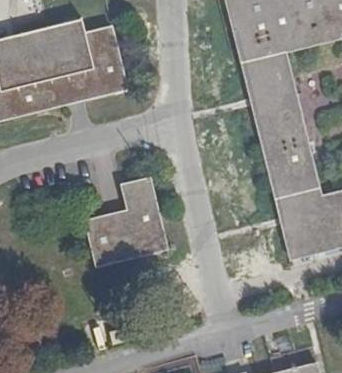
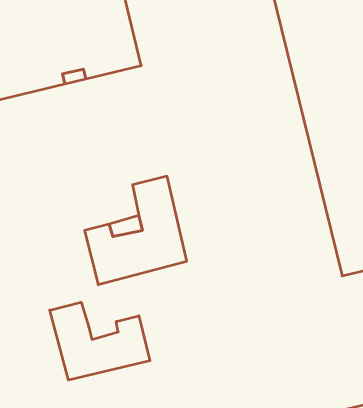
building: none -> [50,302,150,380]

